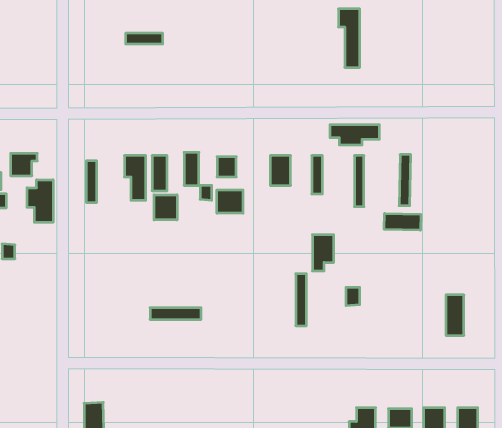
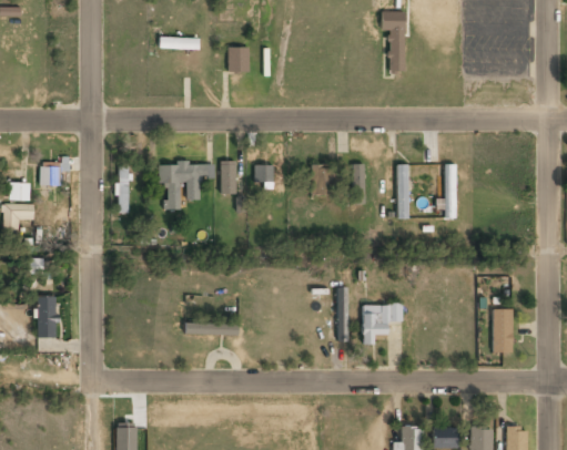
building: none -> [230,45,250,71]
building: [330,125,379,145] -> none
building: [27,180,53,222] -> none
building: [217,190,243,213] -> none
building: [154,195,177,220] -> none
building: [384,213,421,230] -> none
building: [312,235,334,271] -> [363,306,385,344]
building: none -> [38,297,55,338]

